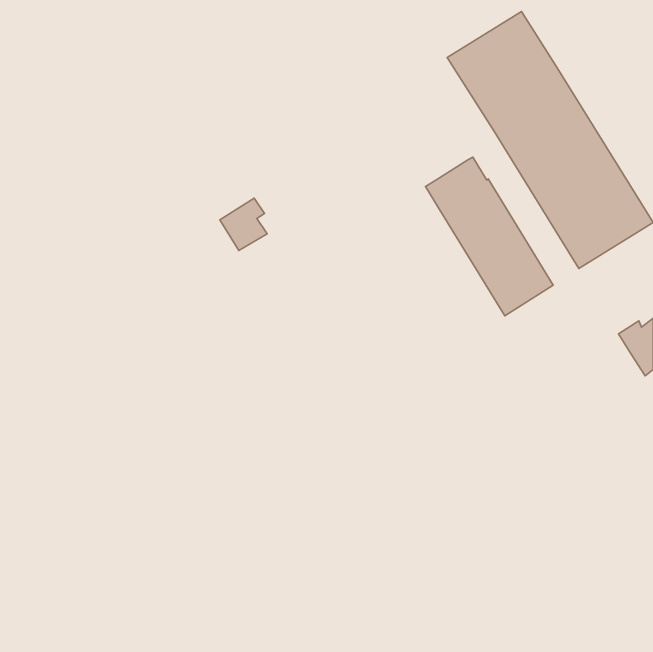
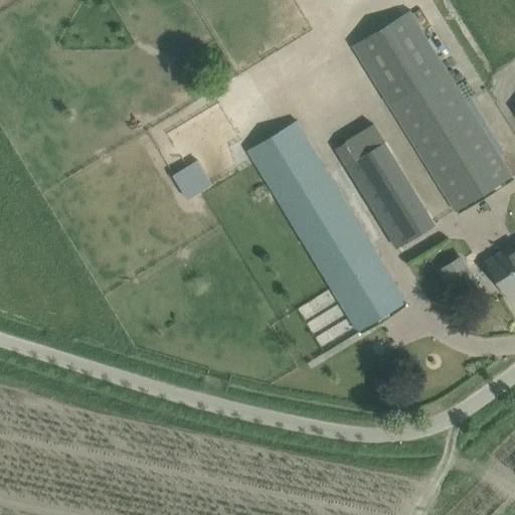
building: none -> [247,122,406,333]
building: none -> [443,260,473,291]

